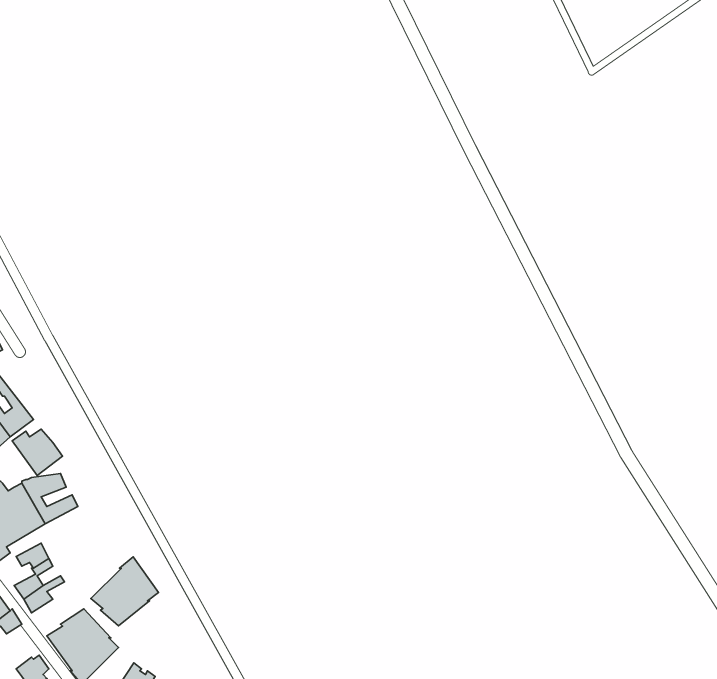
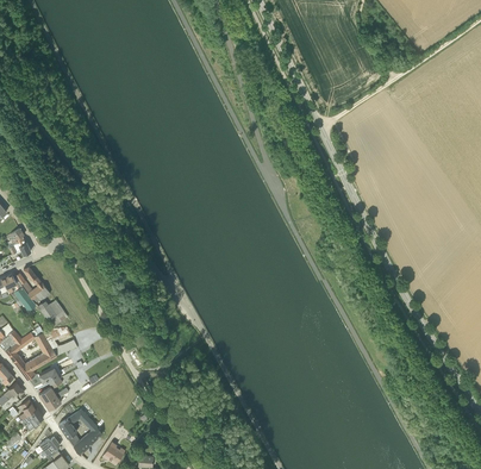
building: [91,557,159,626] -> none

